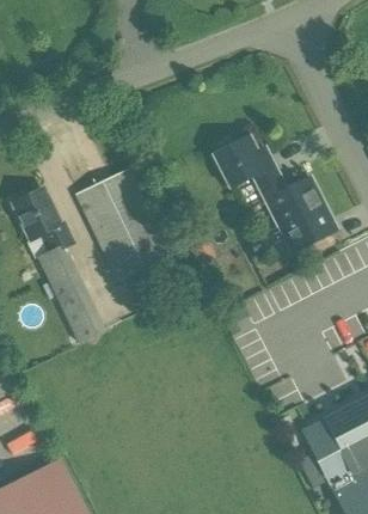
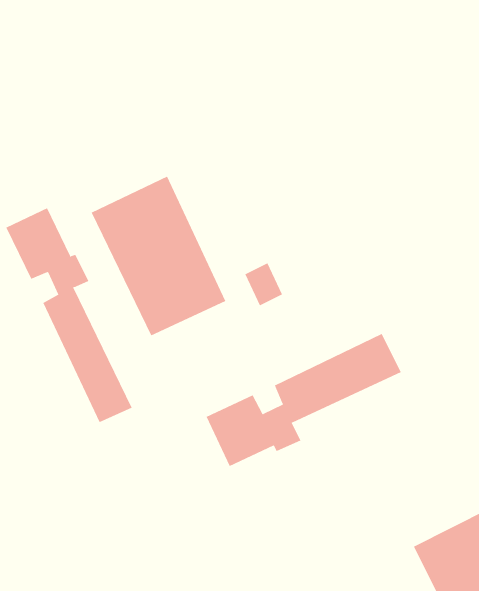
building: [216,139,337,251] -> none
building: none -> [206,333,402,467]

